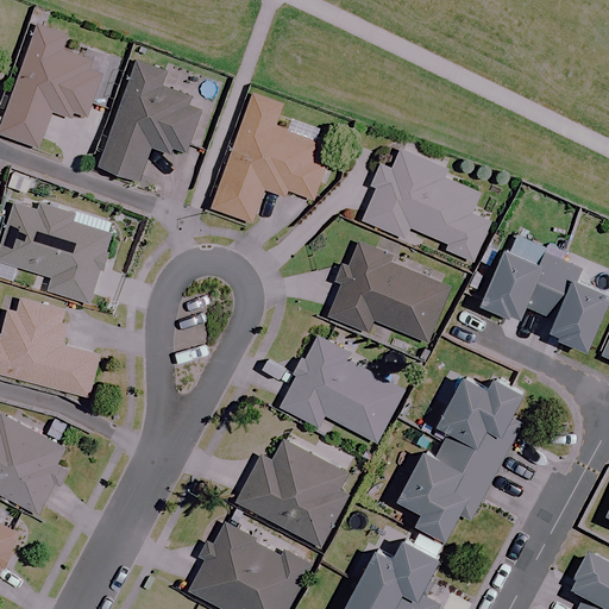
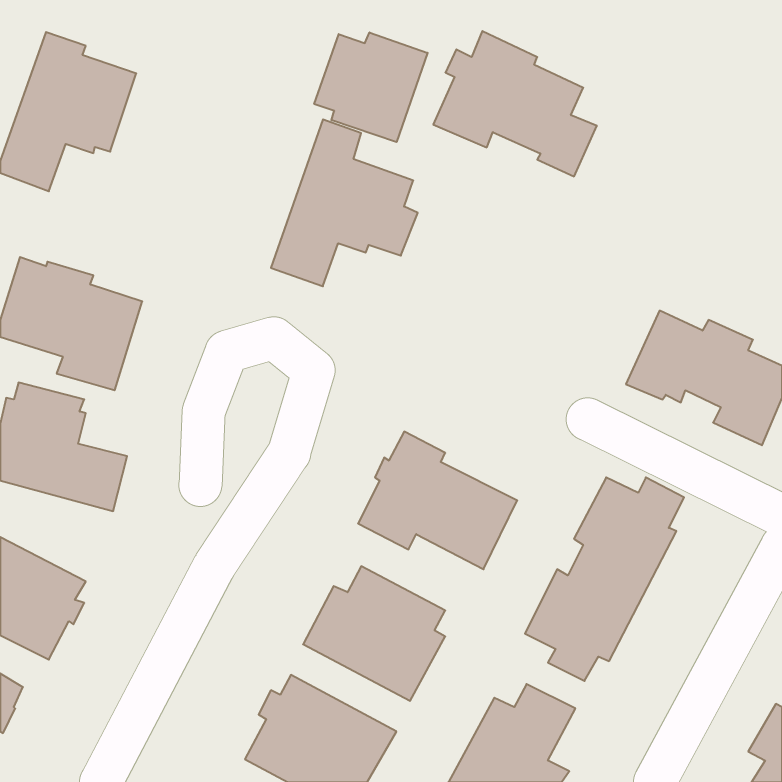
building: none -> [314,32,428,142]
building: [95,59,201,182] -> none
building: [362,149,489,262] -> [433,31,597,176]
building: [327,241,450,341] -> none

